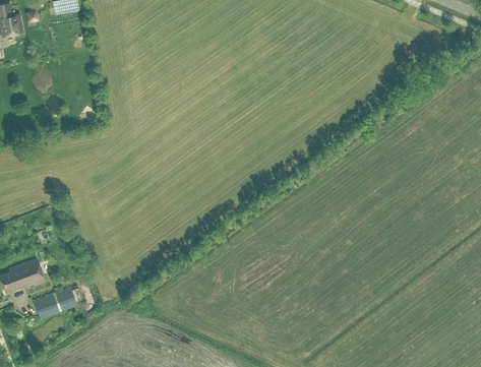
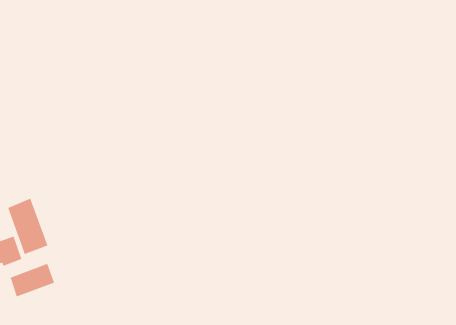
building: none -> [8,198,48,255]

